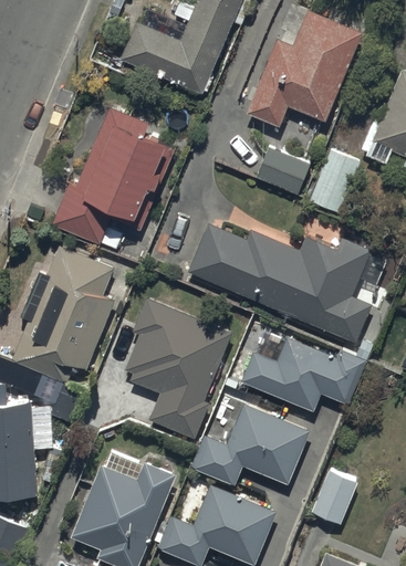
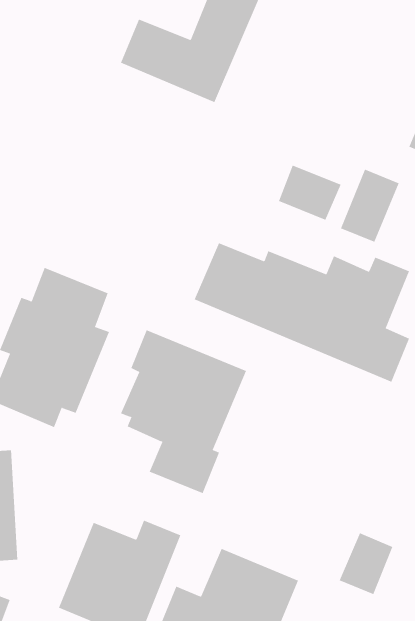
building: [249,21,364,137] -> none
building: [51,106,173,243] -> none
building: [239,336,365,411] -> none
building: [190,403,309,485] -> none

